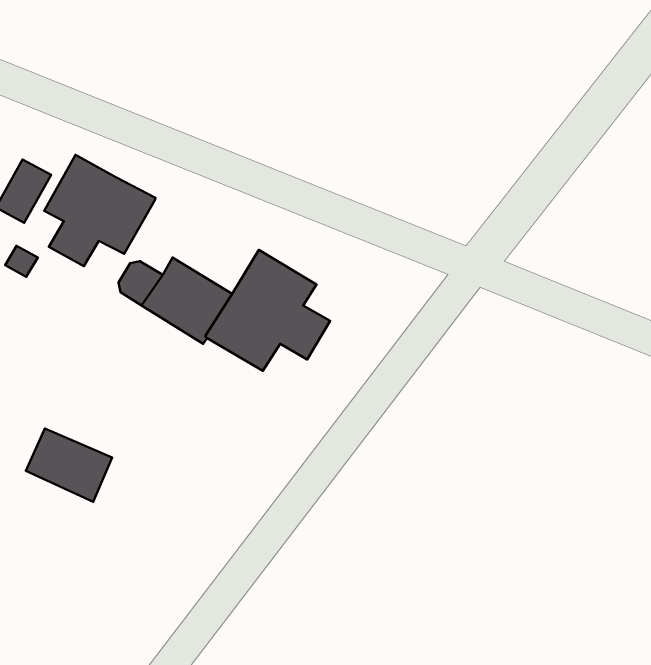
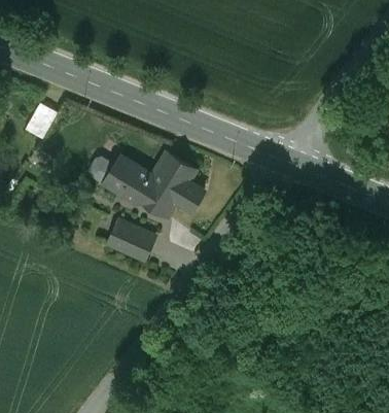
building: [44,155,155,266] -> none
building: [26,429,112,502] -> [108,221,154,261]

